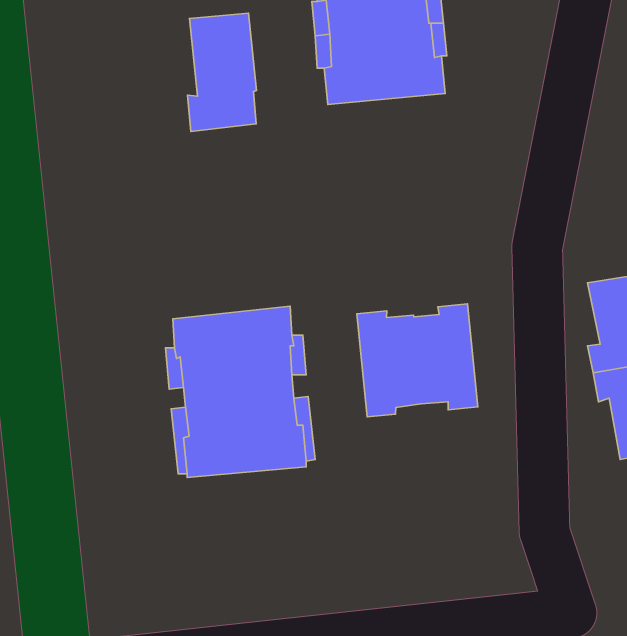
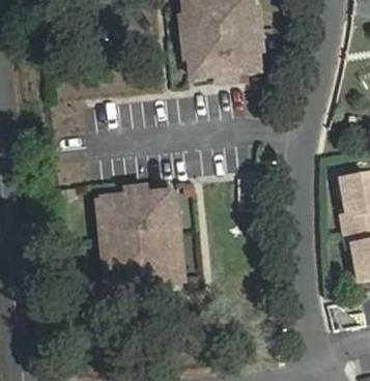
building: [187,13,257,132] -> none
building: [357,304,478,417] -> none

